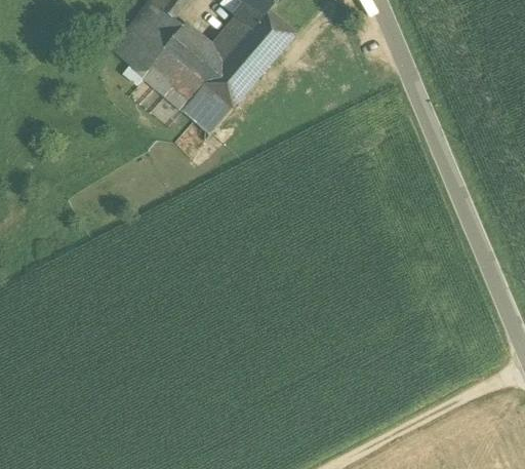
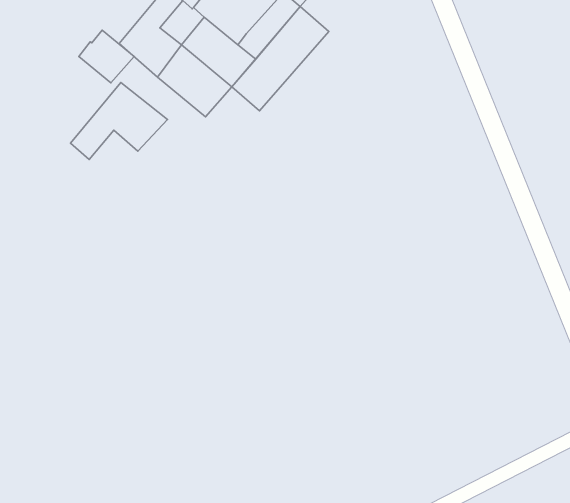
building: none -> [79,30,134,83]
building: none -> [70,83,168,160]
building: [184,84,230,130] -> none

